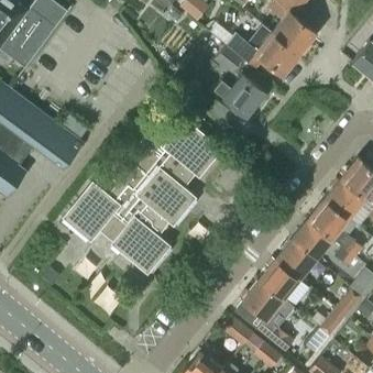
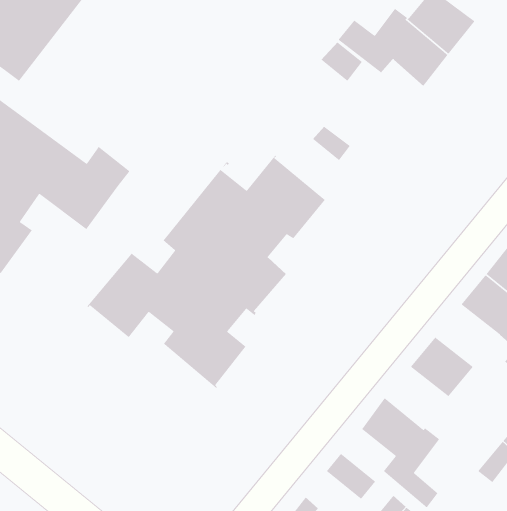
building: [216,75,267,118] -> none
building: [292,219,333,260] -> none
building: [259,260,300,300] -> none

